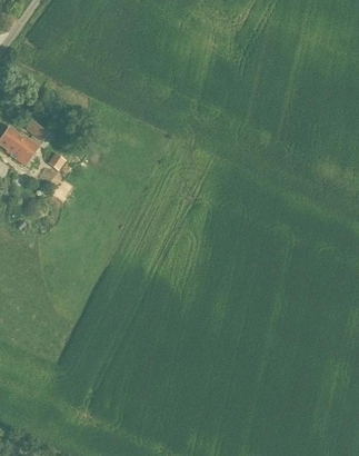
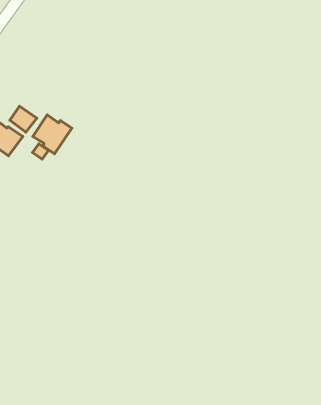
building: none -> [33,115,72,154]

